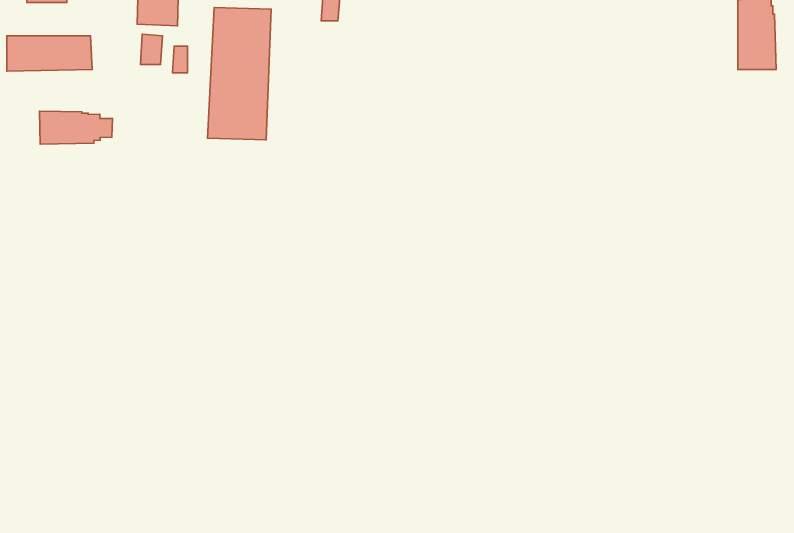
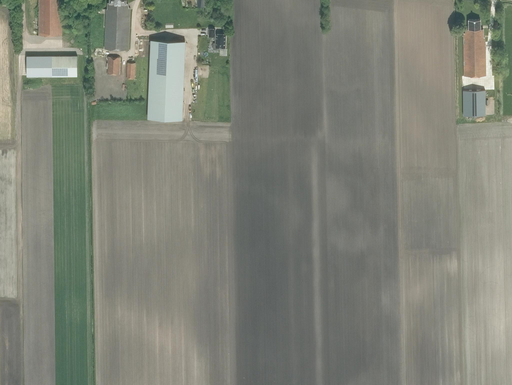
building: none -> [463,91,485,117]
building: [39,111,113,144] -> none

